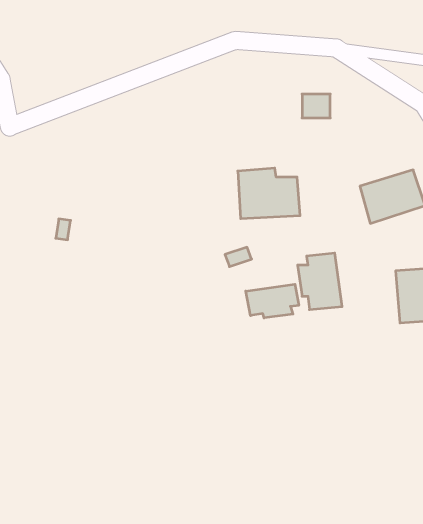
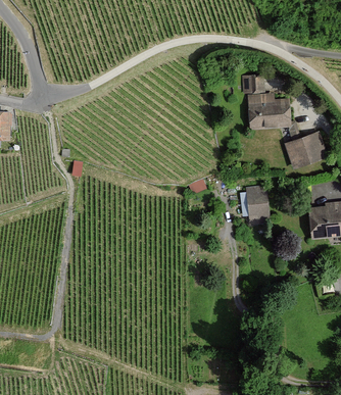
building: [238,168,300,219] -> [247,94,290,129]
building: [246,284,299,318] -> none

